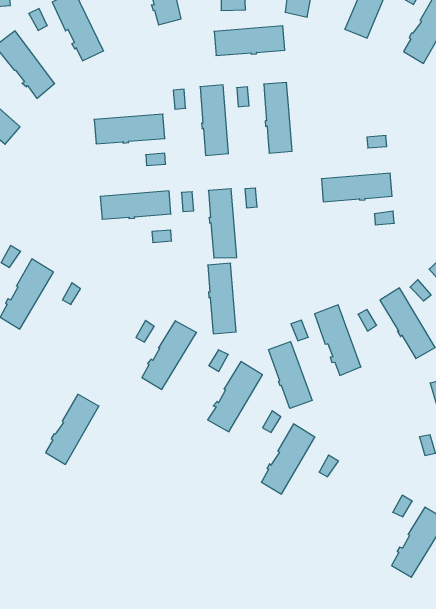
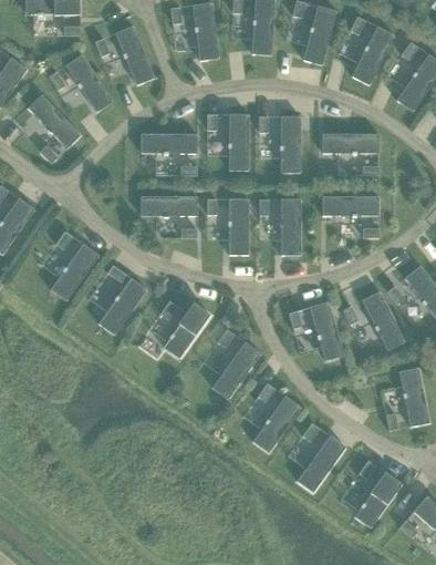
building: [214,26,285,56] -> [322,133,378,154]
building: [208,263,236,334] -> [280,198,300,255]
building: [268,342,312,408] -> none
building: [46,394,99,464] -> [98,277,145,333]
building: none -> [297,434,343,491]

